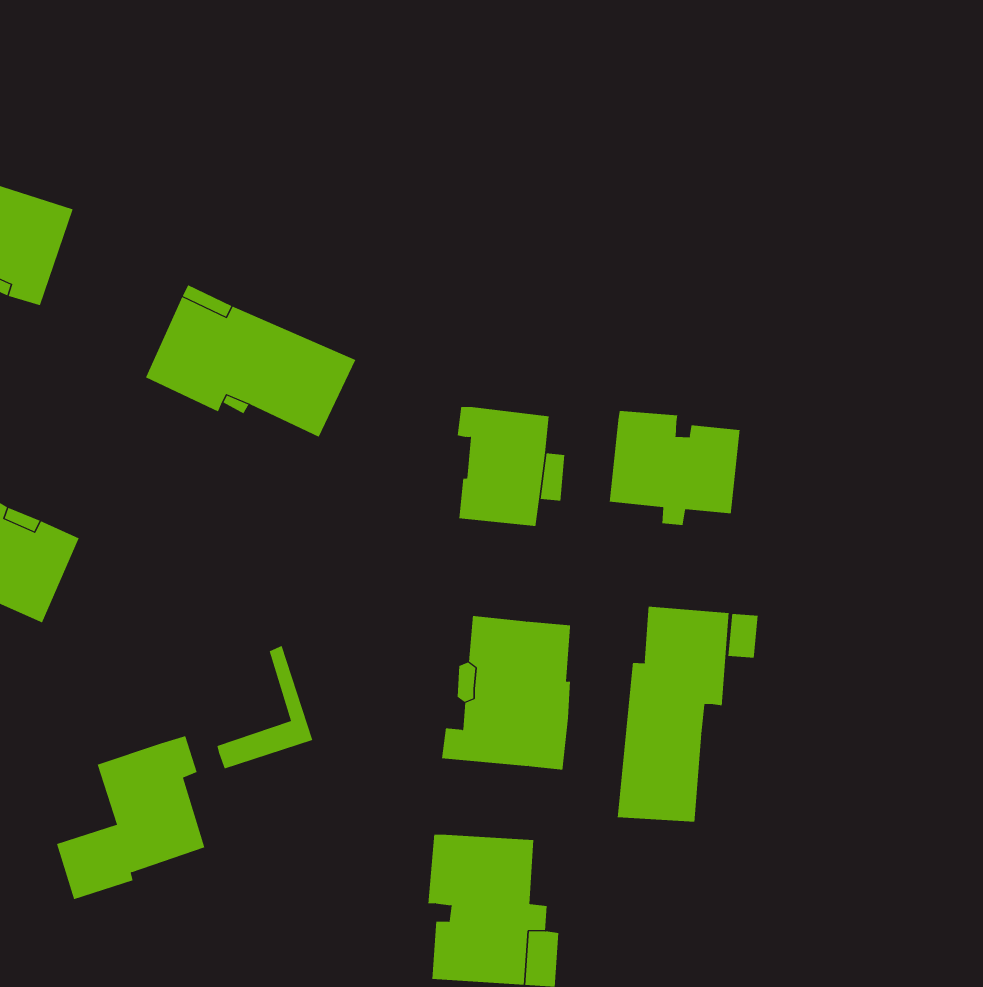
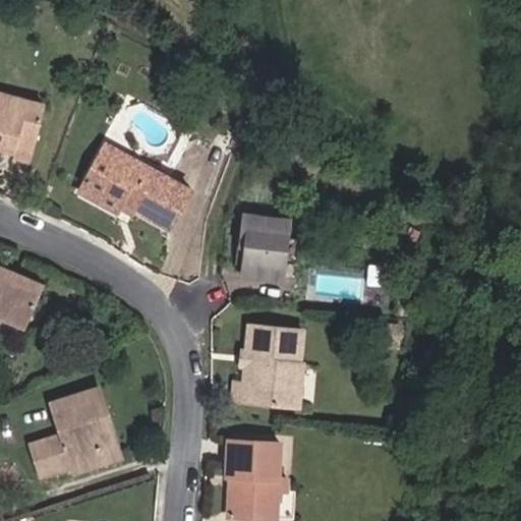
building: [609,410,740,526] -> none
building: [617,606,729,822] -> none
building: [216,645,313,769] -> [69,406,120,471]

